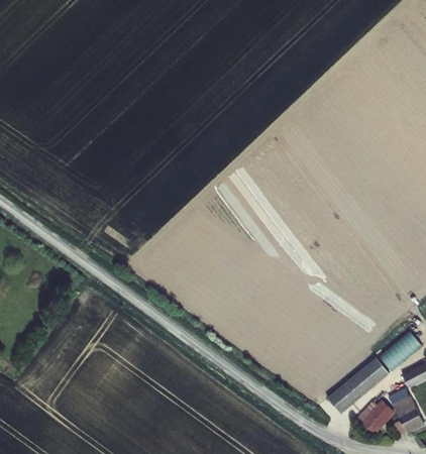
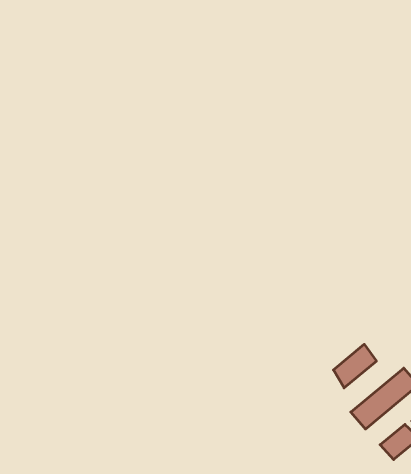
building: none -> [333,344,376,388]

